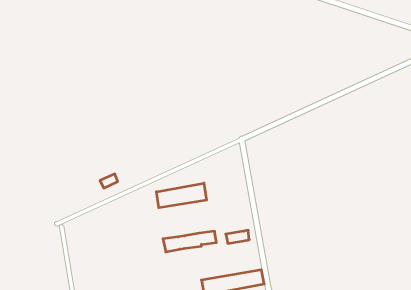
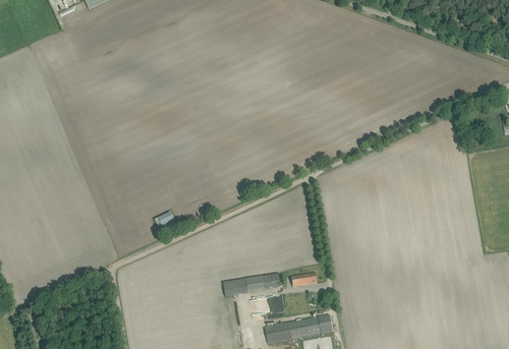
building: [156,183,207,208] -> none

